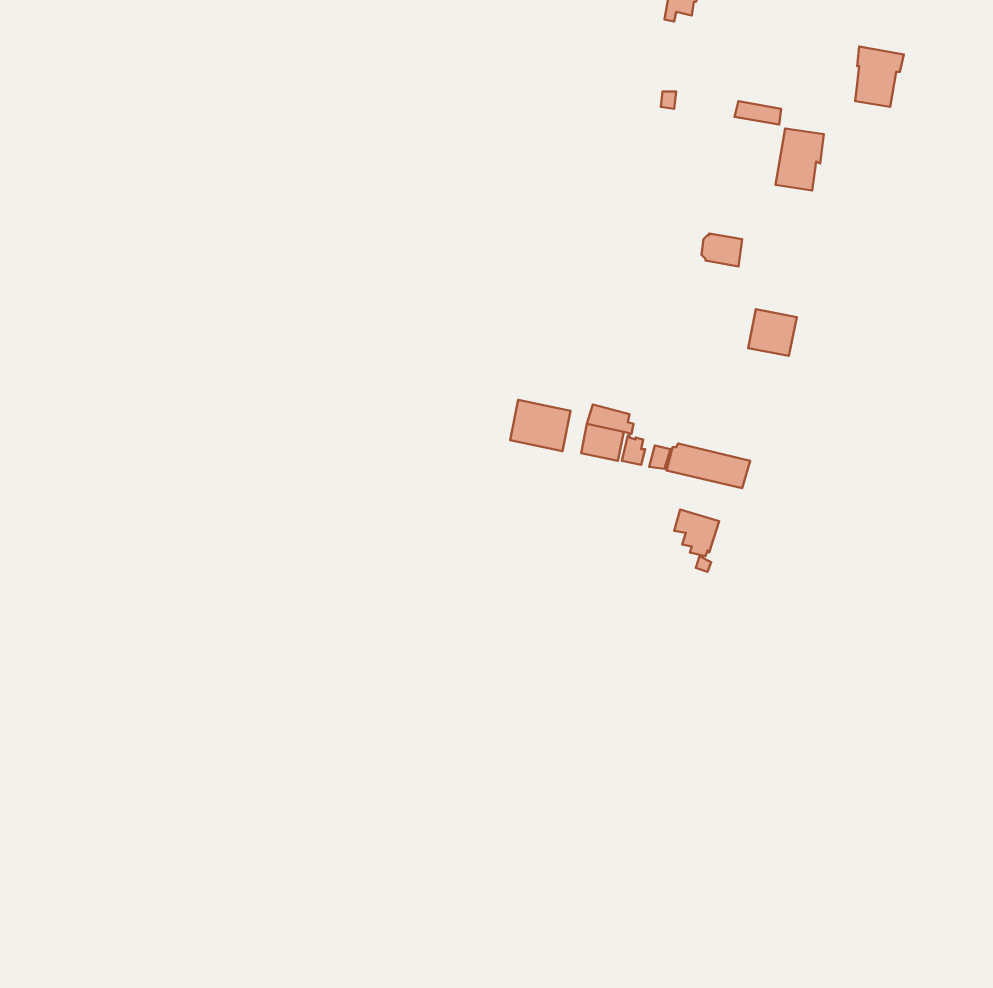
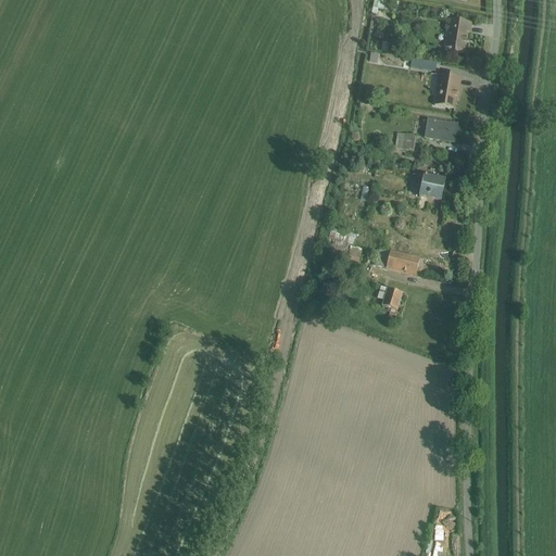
building: [855,47,904,107] -> [444,16,471,50]
building: none -> [425,117,457,140]
building: [510,400,570,451] -> none

